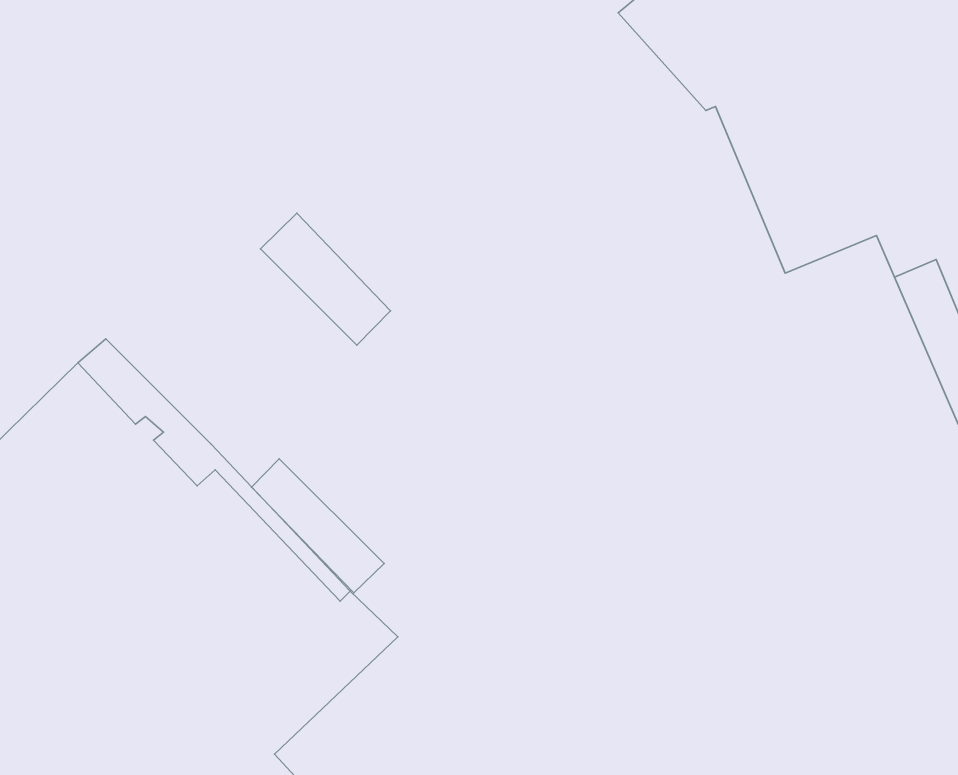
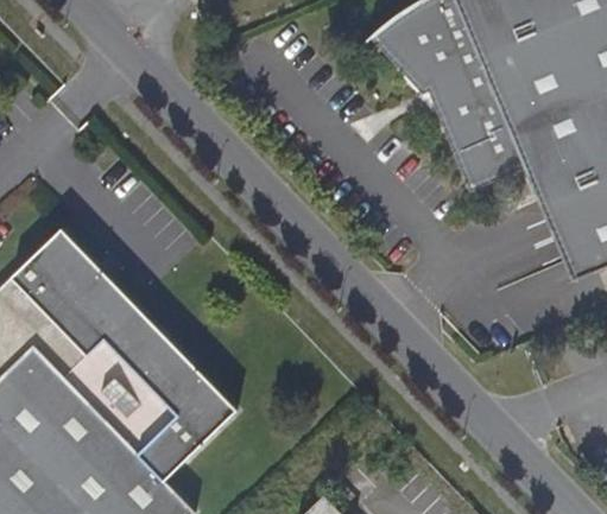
building: [261,213,390,345] -> none
building: [252,459,384,593] -> none

